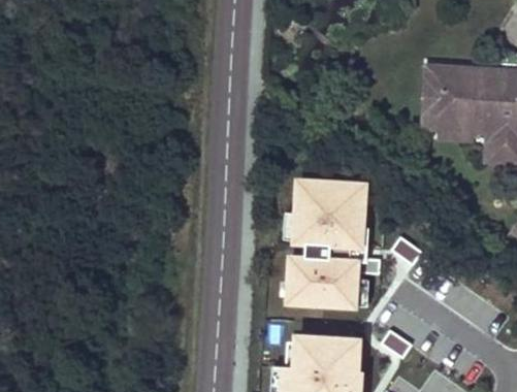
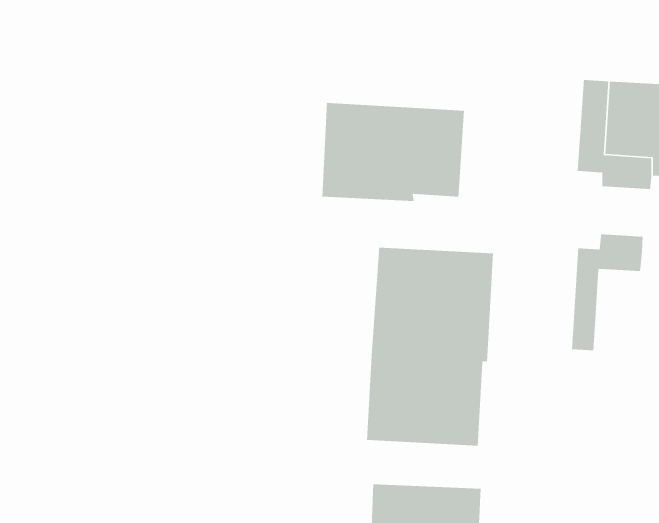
building: none -> [321,102,465,202]
building: none -> [571,233,643,351]

